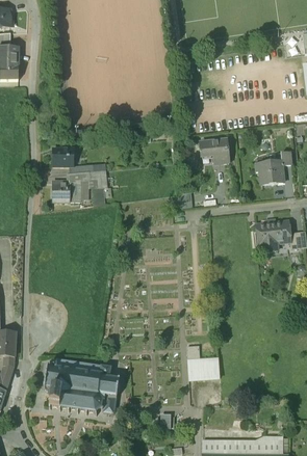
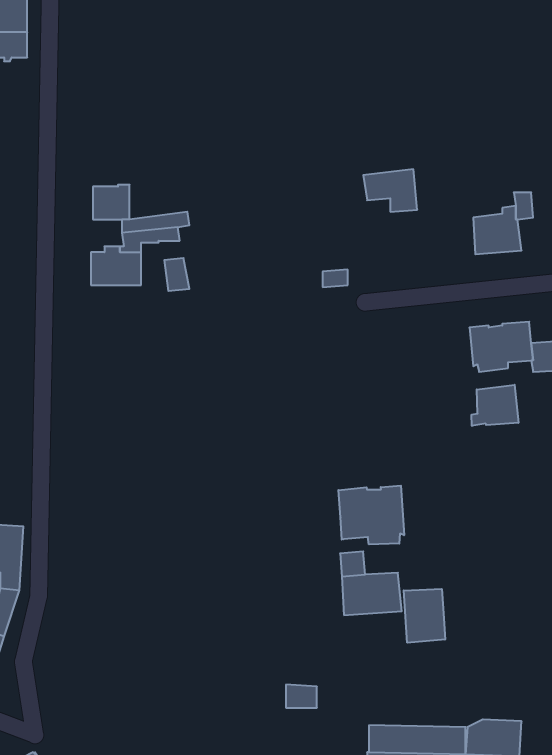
building: none -> [472,385,518,426]
building: none -> [338,486,404,544]
building: [44,360,119,415] -> none
building: none -> [404,589,445,643]

